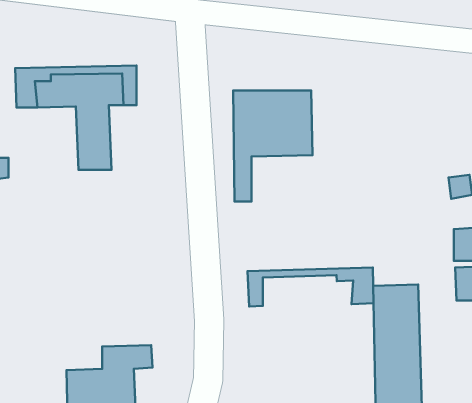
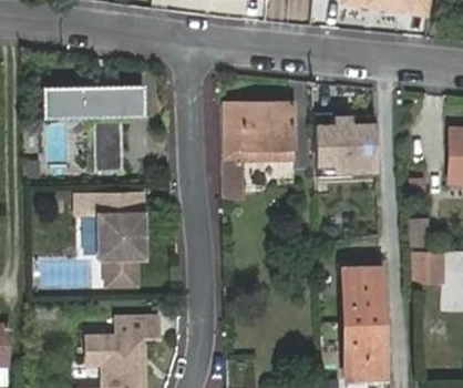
building: none -> [312,114,374,172]
building: none -> [92,192,143,284]
building: [247,268,373,307] -> none

